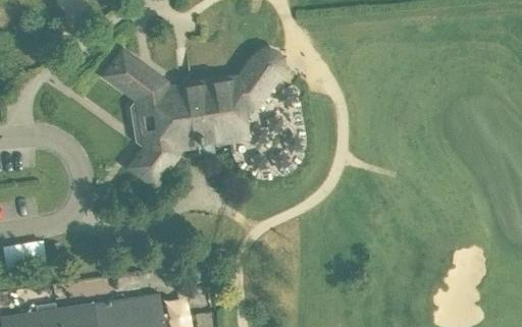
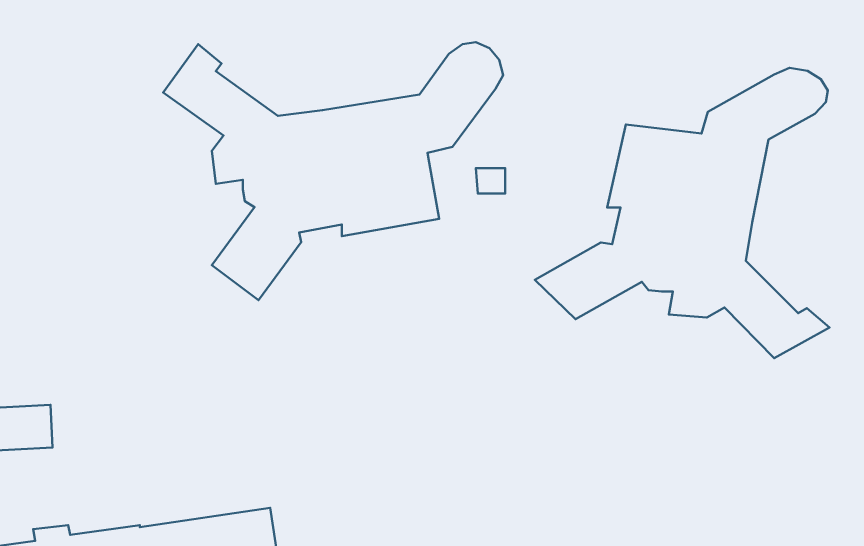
building: none -> [535,68,829,358]

